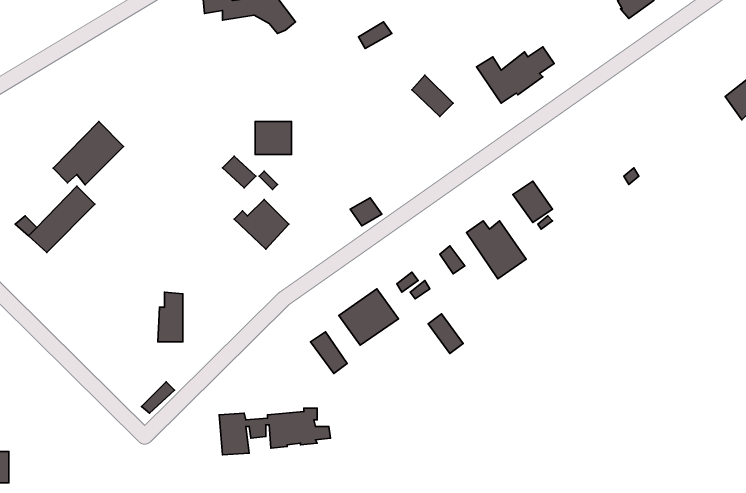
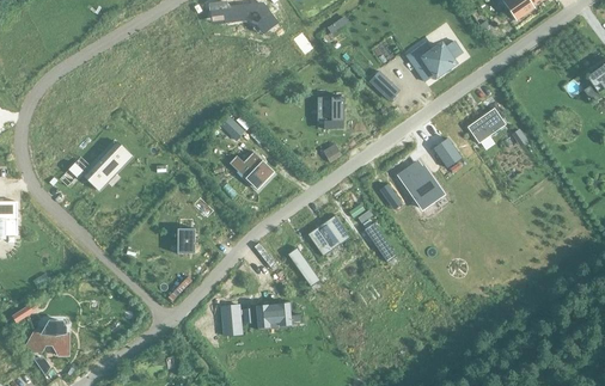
building: [255,121,292,155] -> [316,96,342,120]
building: [53,121,123,185] -> none
building: none -> [466,106,505,141]

